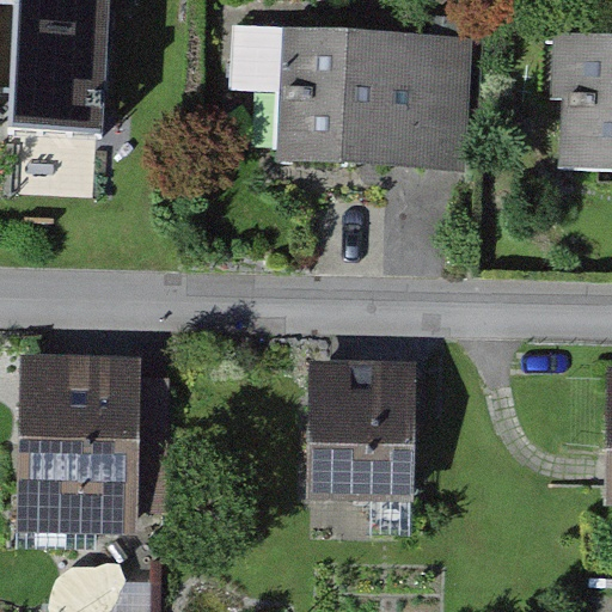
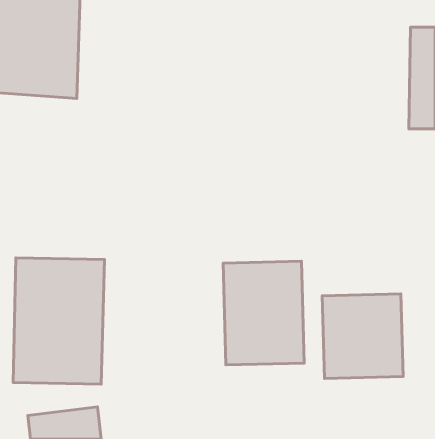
building: [276,33,465,169] -> none
building: none -> [322,294,403,379]

